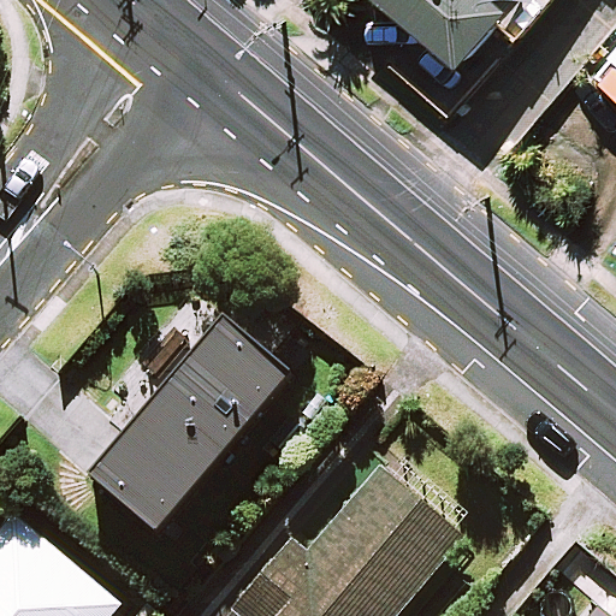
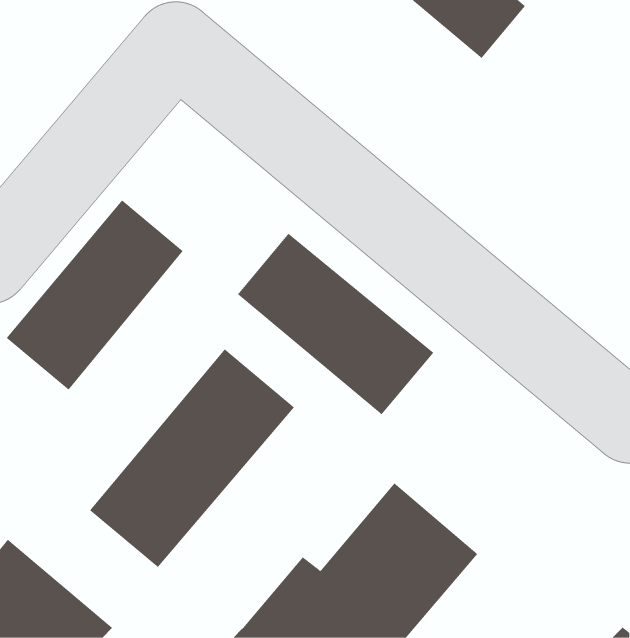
building: none -> [6,200,183,391]
building: none -> [237,233,434,415]

